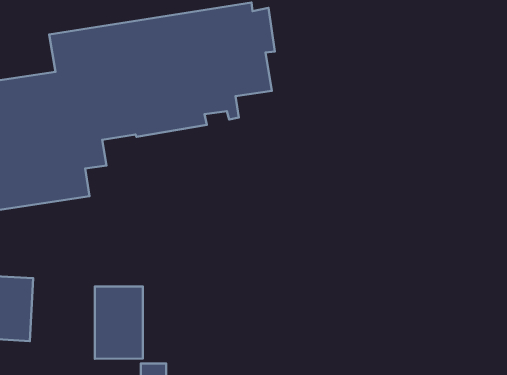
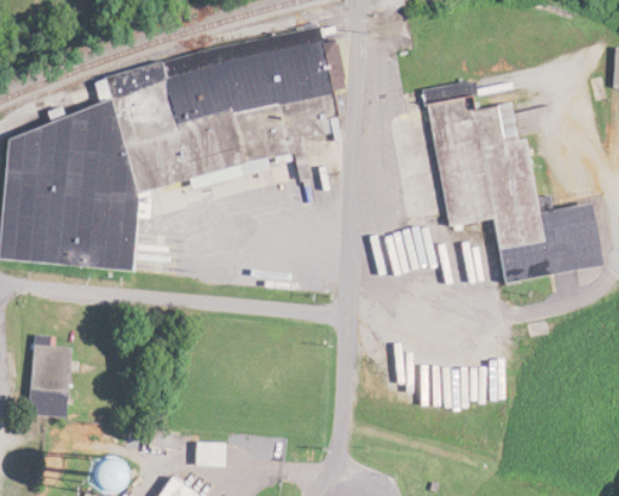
building: none -> [426,82,597,282]
building: [95,286,143,359] -> none

